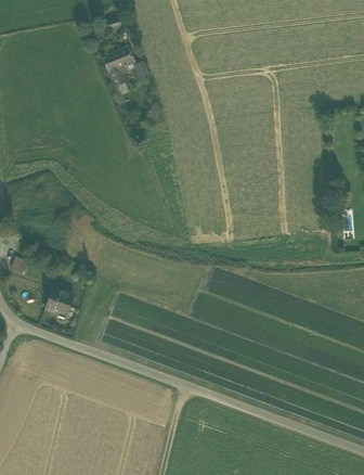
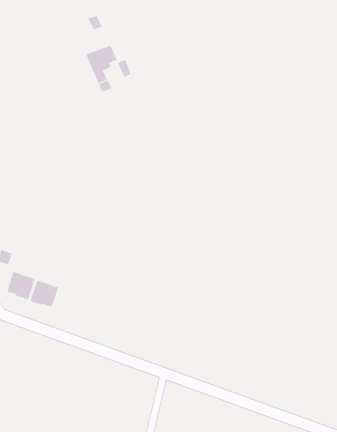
building: none -> [7,271,35,300]

